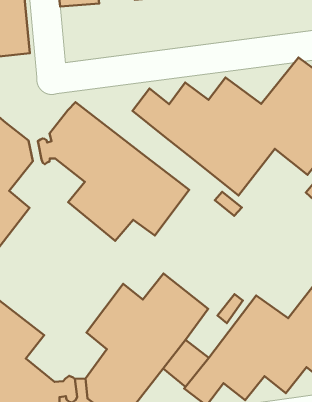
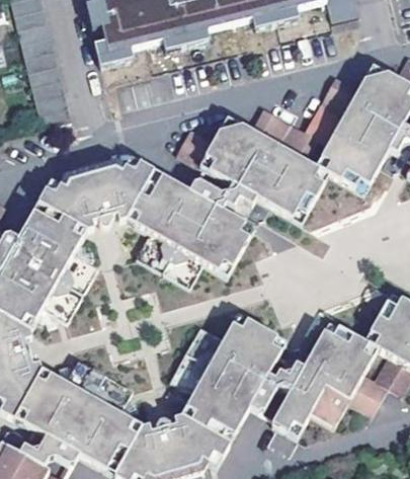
building: none -> [60,163,118,222]
building: none -> [201,177,249,220]

